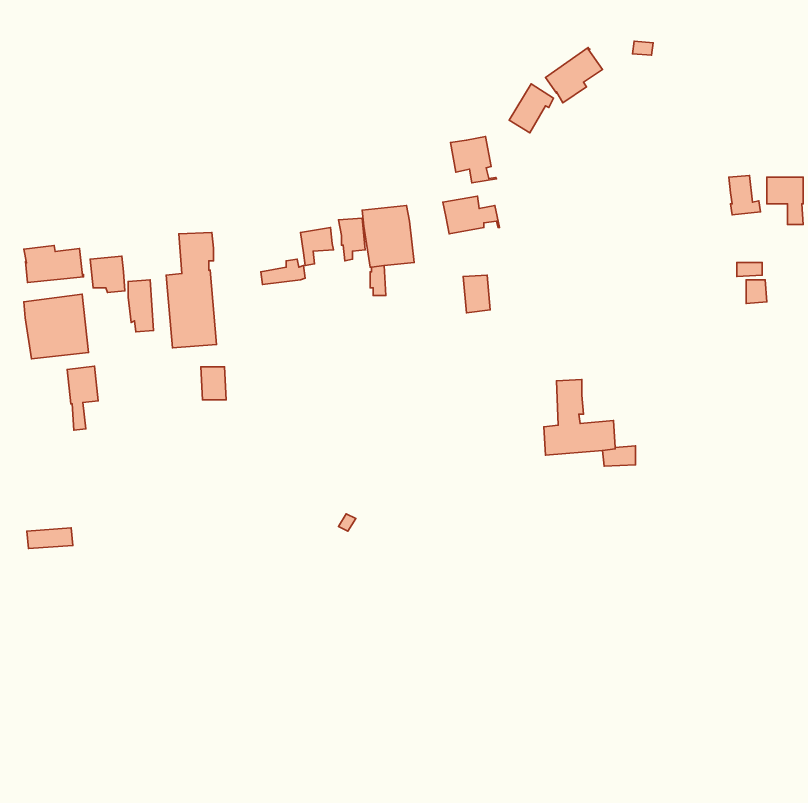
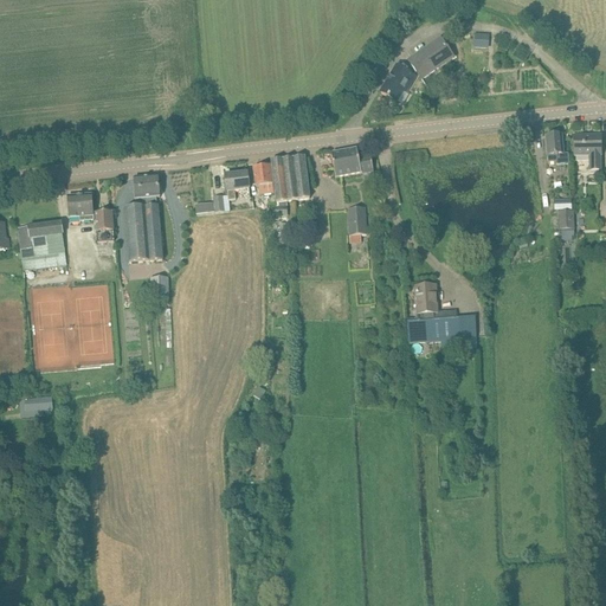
building: [451,137,496,183] -> none
building: [24,245,84,283] -> none
building: [67,366,98,430] -> none

